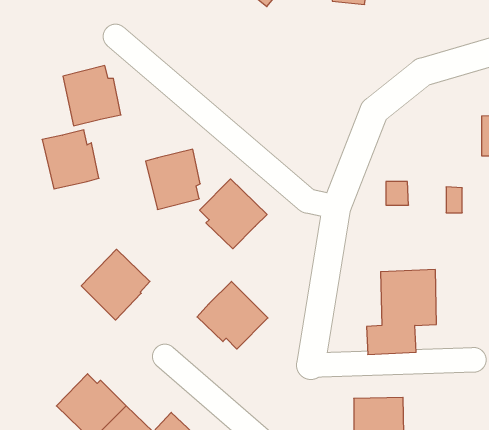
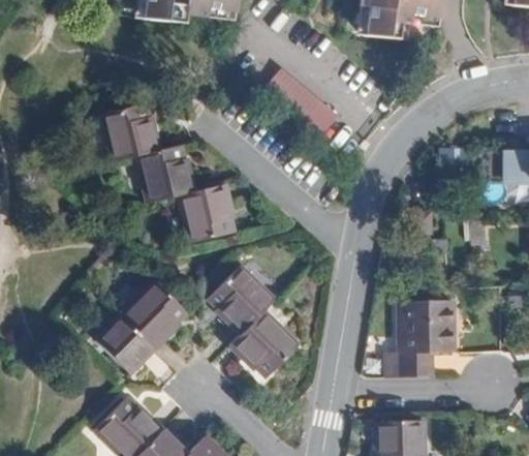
building: none -> [264,69,340,135]
building: [42,130,99,189] -> [136,143,191,200]
building: [200,179,267,249] -> [209,263,274,330]
building: none -> [94,312,151,370]

